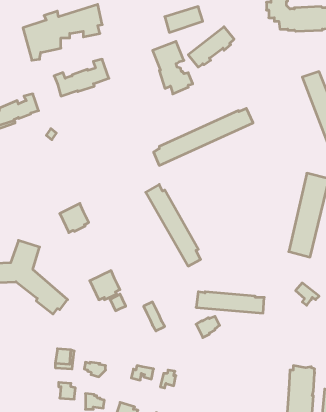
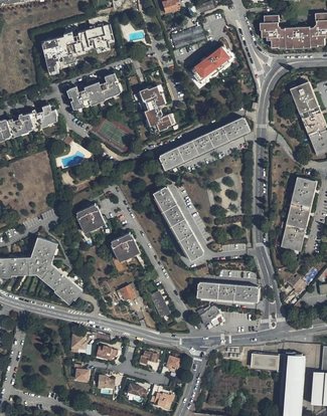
building: [153,41,193,94] -> [135,85,171,133]
building: [90,271,120,300] -> [109,231,136,257]
building: none -> [251,351,282,370]

